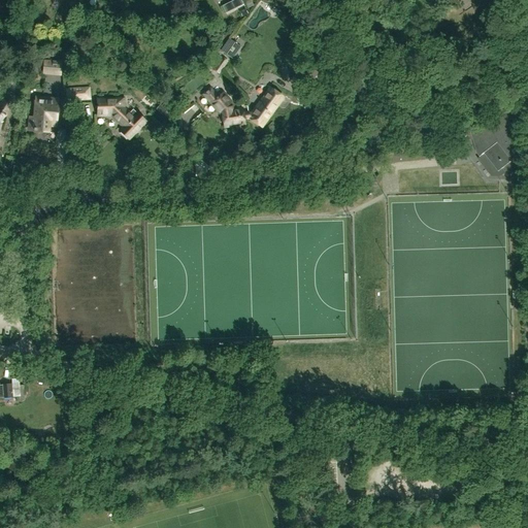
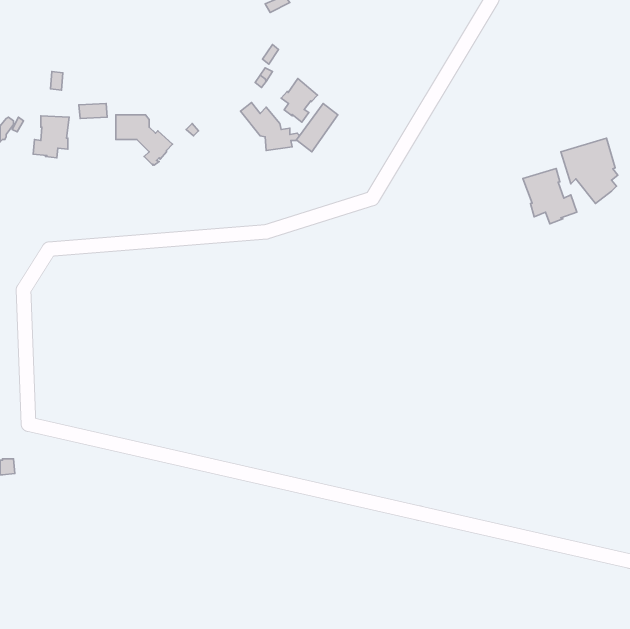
building: none -> [281,79,318,122]
building: none -> [523,168,577,224]

